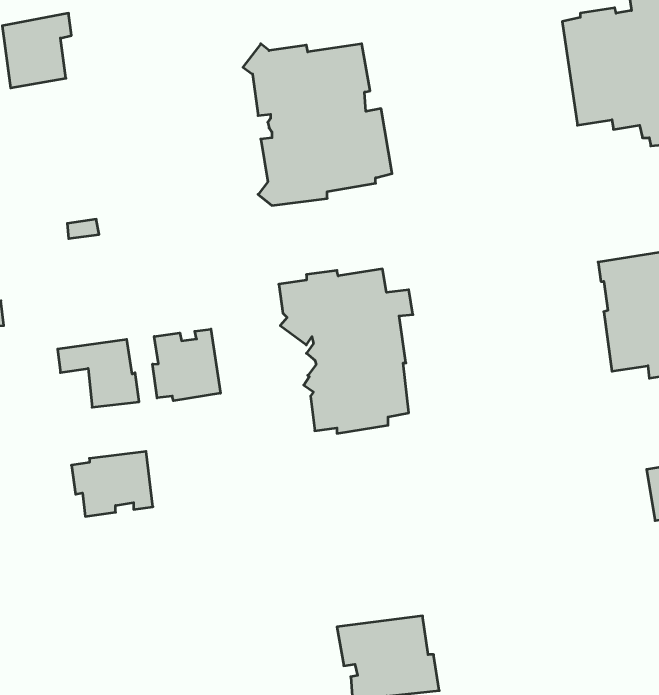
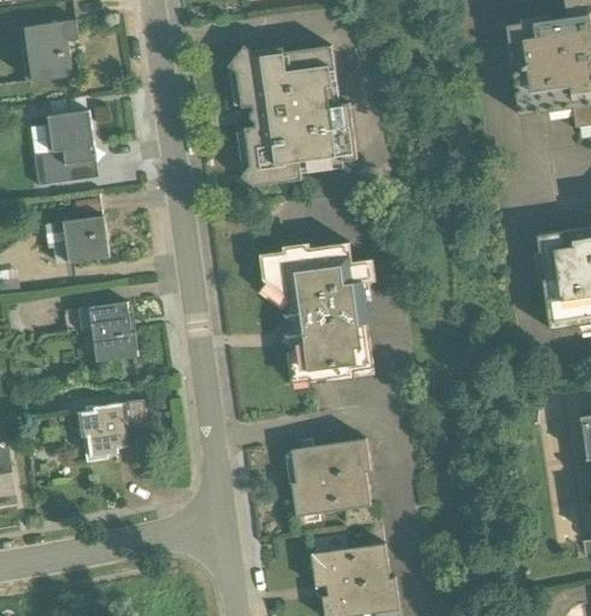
building: none -> [32,96,97,185]
building: none -> [45,215,108,263]
building: [153,329,220,401] -> none
building: none -> [291,437,371,515]

